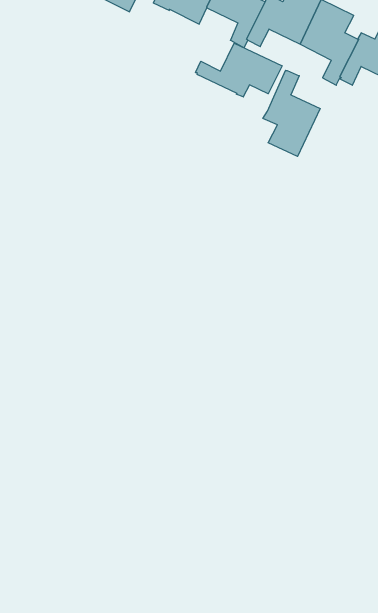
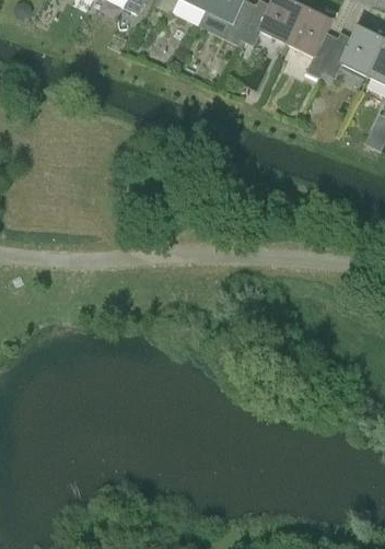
building: [196,43,282,97] -> none
building: [263,70,320,156] -> none

